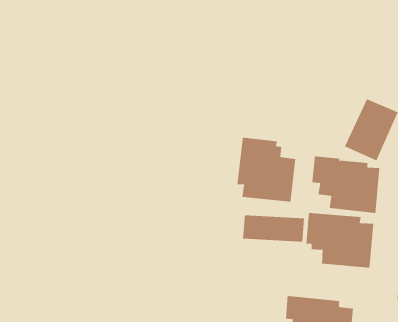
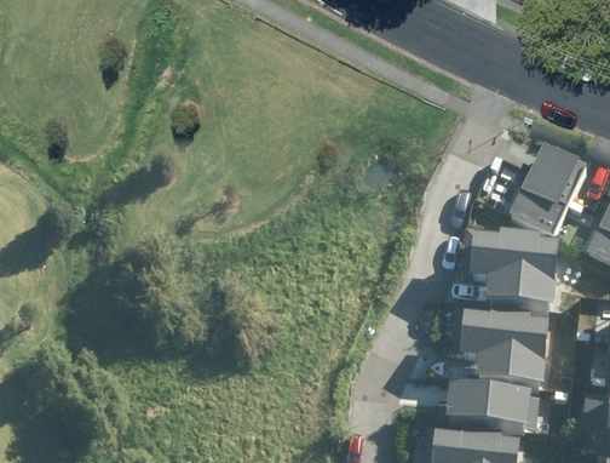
building: [237,137,296,202] -> none
building: [242,215,305,242] -> [449,388,537,427]

